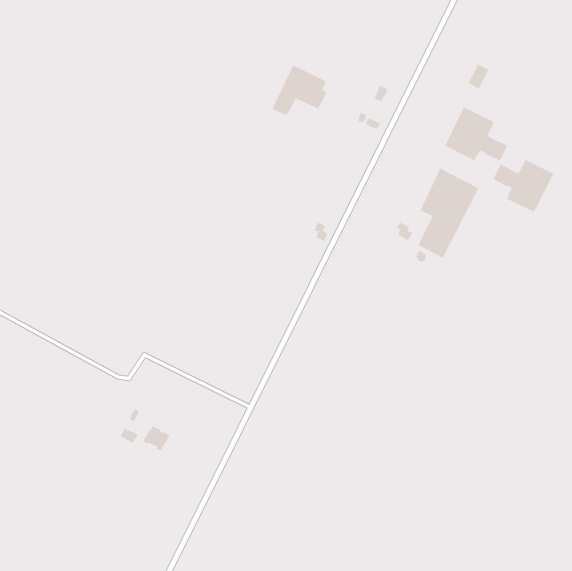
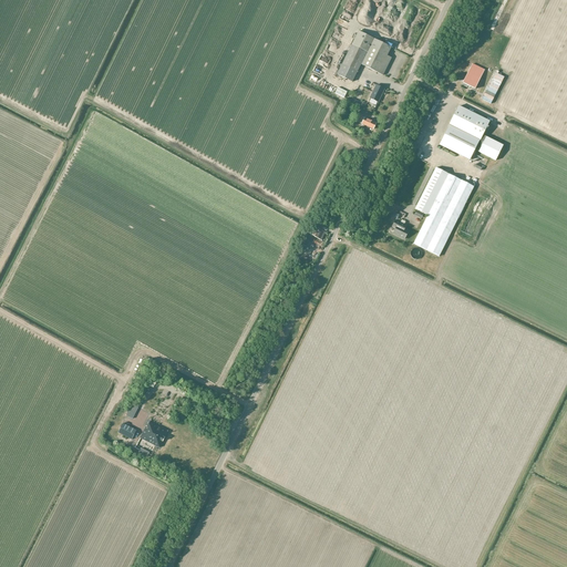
building: [272,64,328,116] -> [337,30,392,81]
building: [493,159,554,212] -> none

